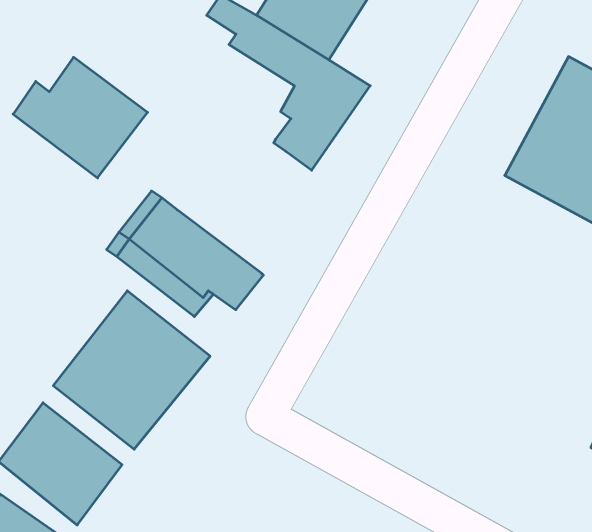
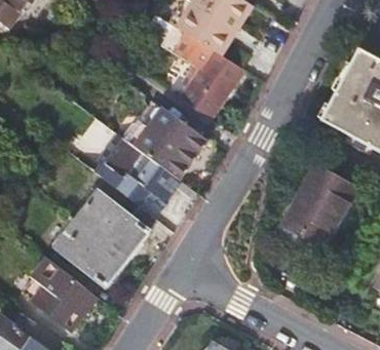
building: [13,57,148,178] -> [128,109,208,181]
building: none -> [282,168,355,249]

